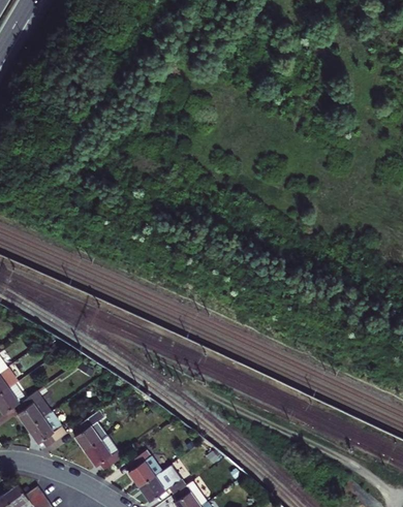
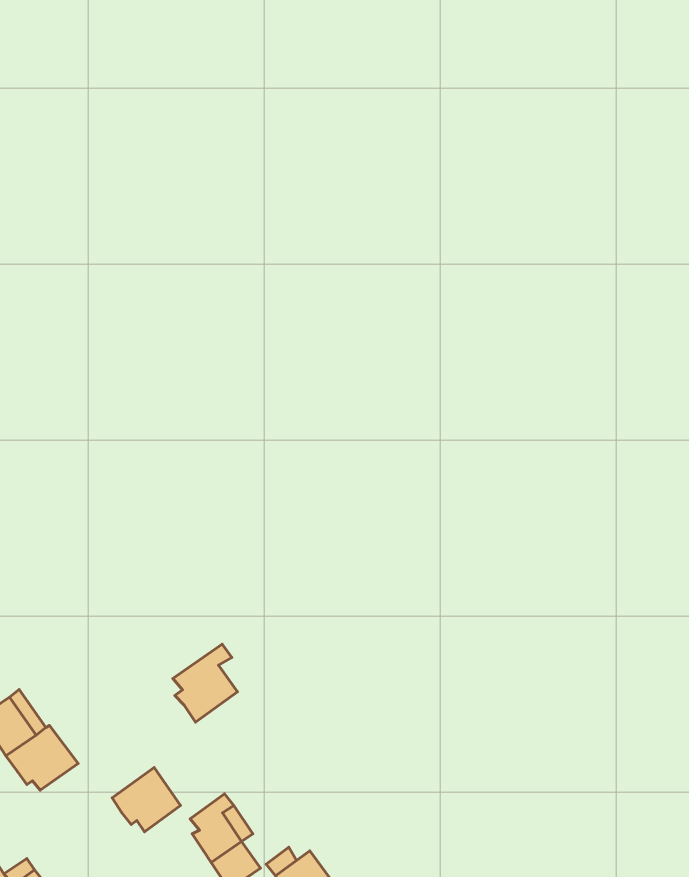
building: [72,410,107,452] -> [173,644,237,722]

